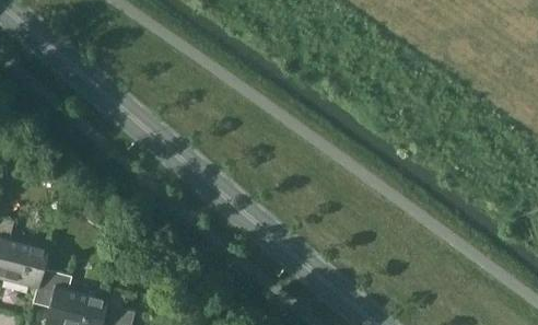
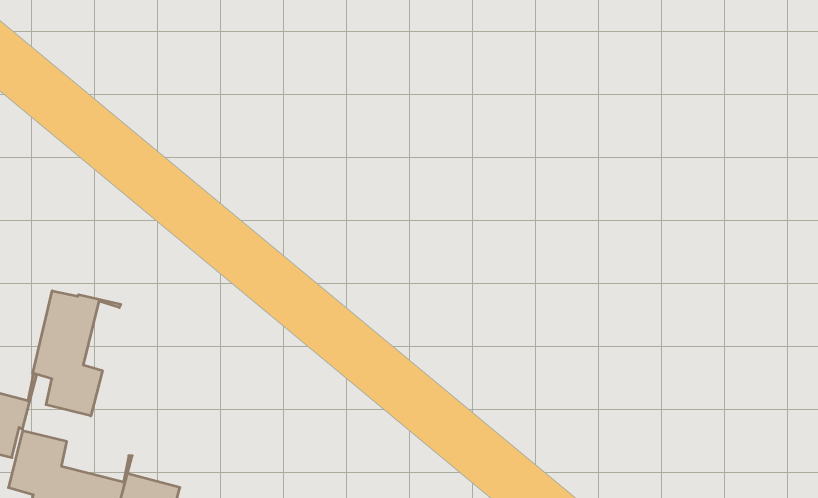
building: none -> [33,291,121,416]

